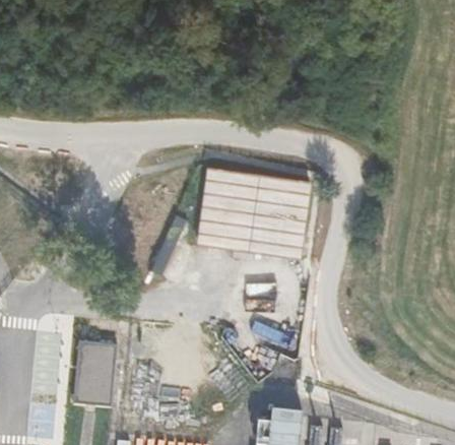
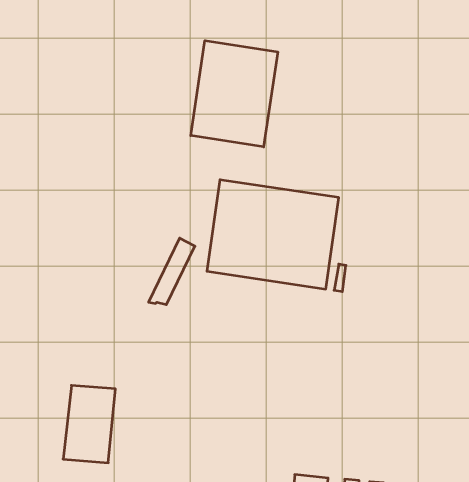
building: none -> [191,41,278,147]

